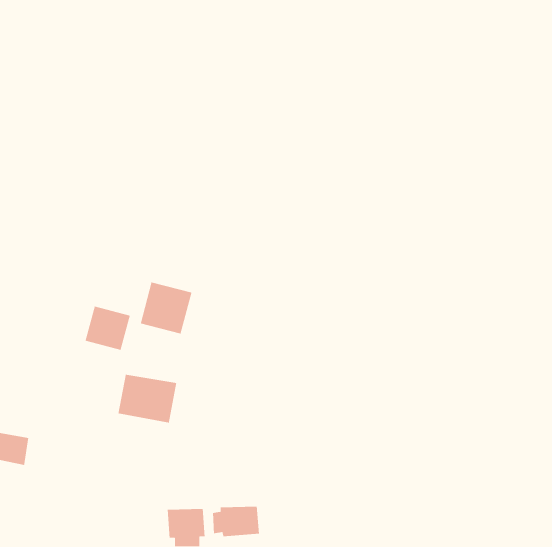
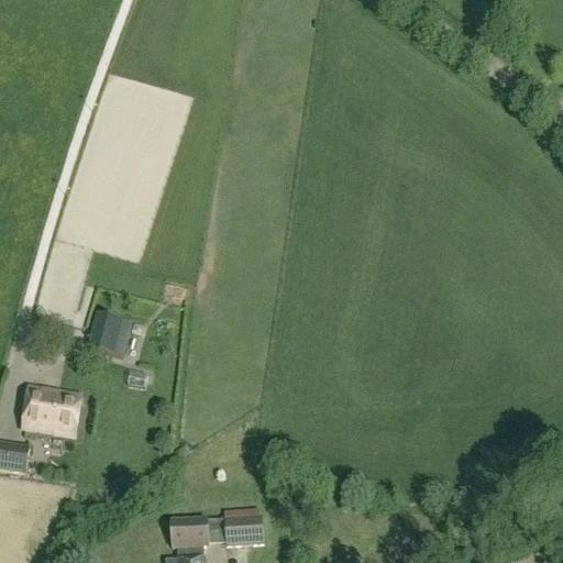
building: [140,281,192,334] -> none
building: [118,374,177,424] -> [21,385,81,435]

